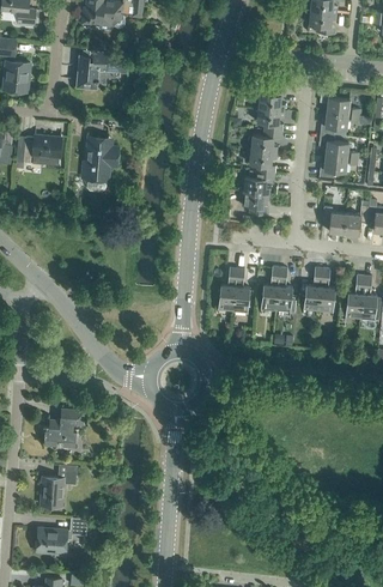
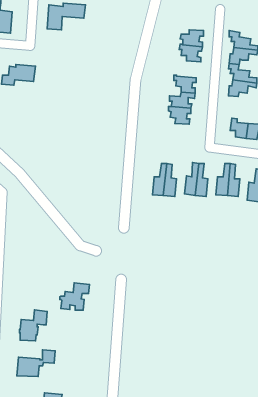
building: [248,129,282,152] -> none
building: [81,137,117,192] -> none
building: [43,409,83,446] -> [60,283,89,310]

